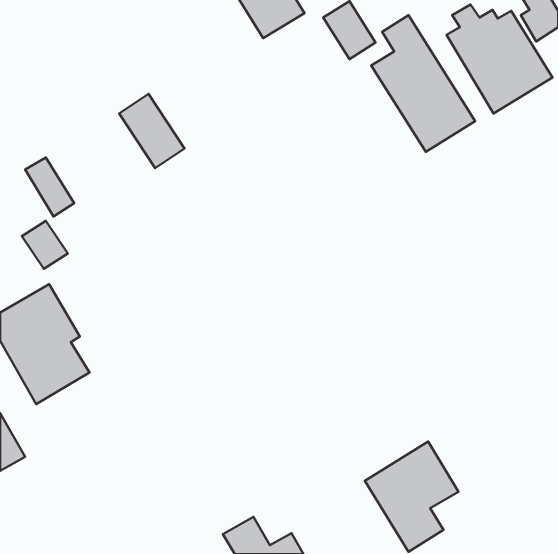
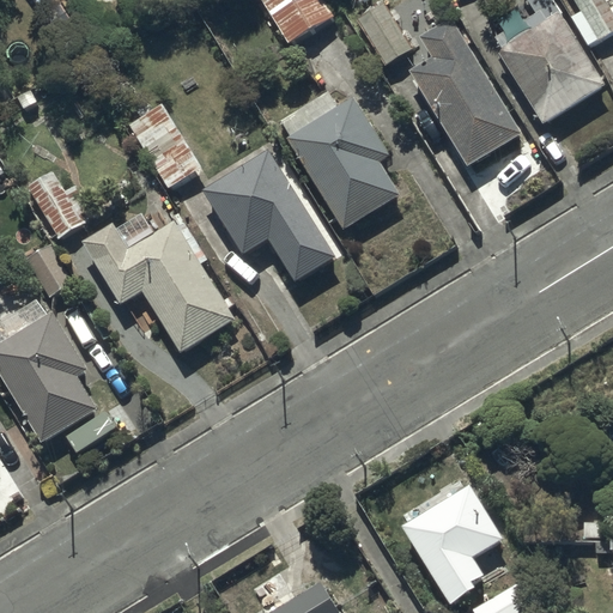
building: none -> [281,90,397,230]
building: none -> [204,148,336,281]
building: none -> [81,219,237,356]

